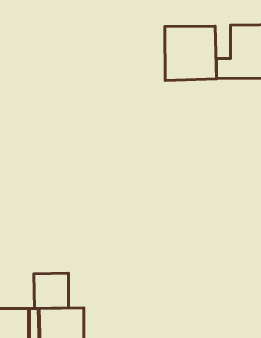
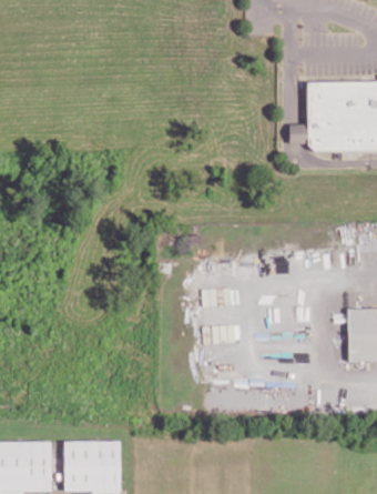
building: [165,26,217,80] -> none
building: [34,273,68,309] -> none

